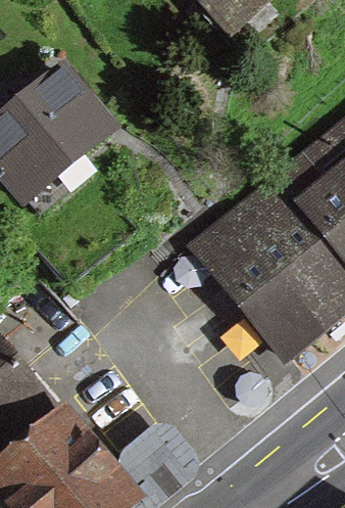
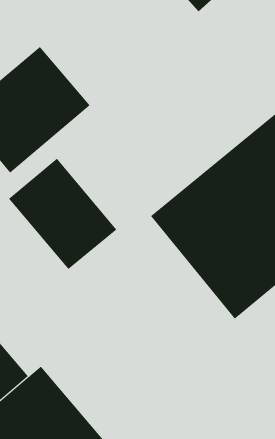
building: none -> [8,158,117,270]

